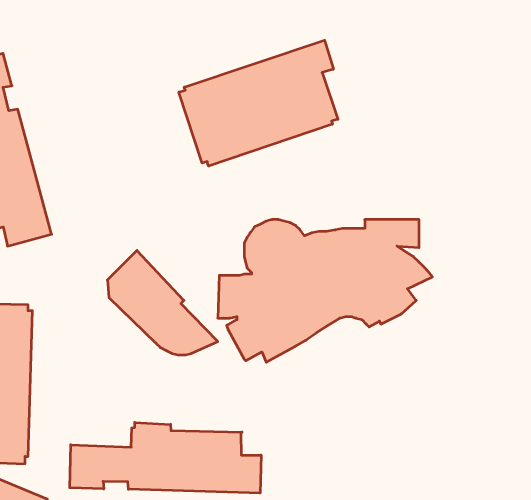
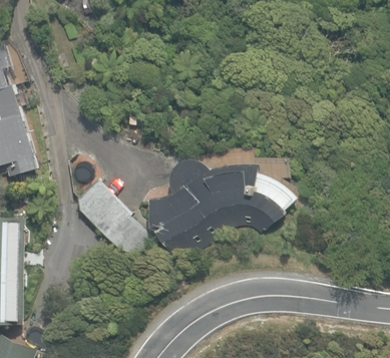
building: [179,40,338,166] -> none
building: [70,422,261,493] -> none

